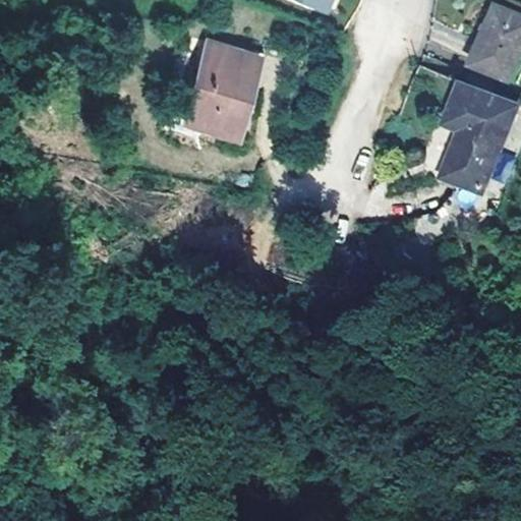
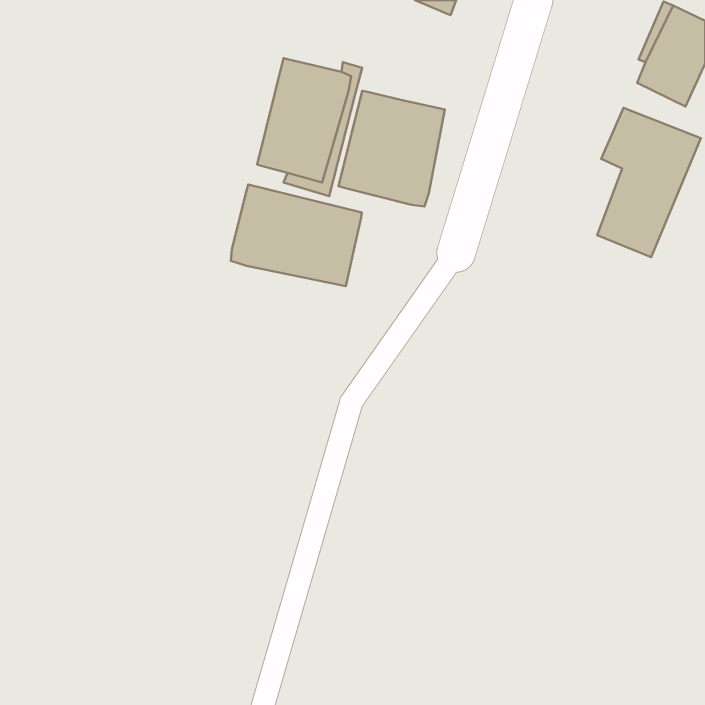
building: none -> [339,91,445,206]
building: none -> [231,184,362,286]

